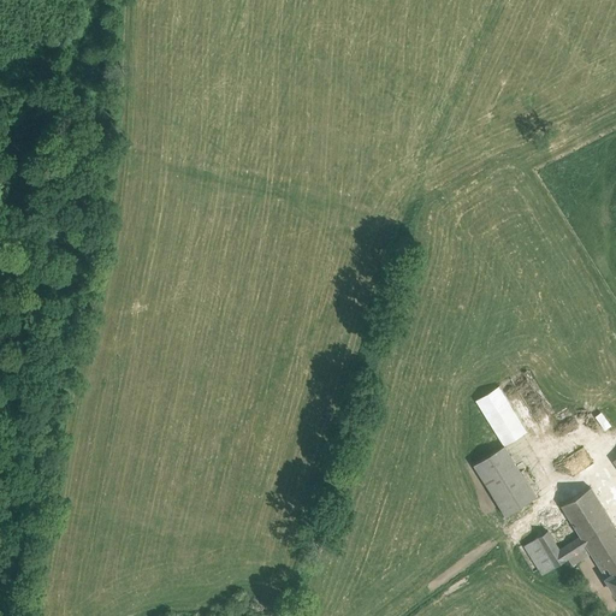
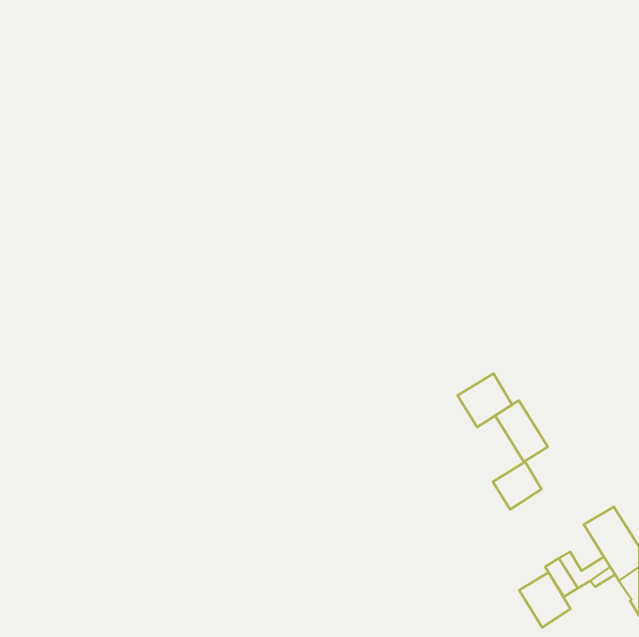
building: none -> [457,373,512,427]
building: [491,473,537,517] -> none
building: none -> [519,572,571,627]

